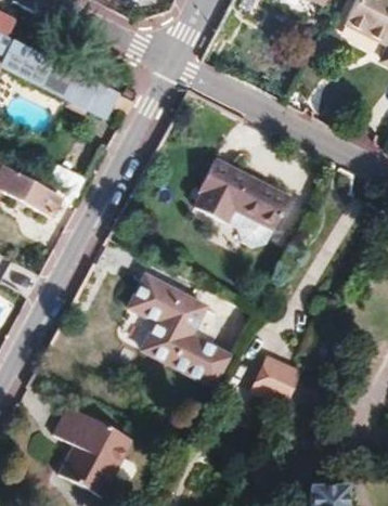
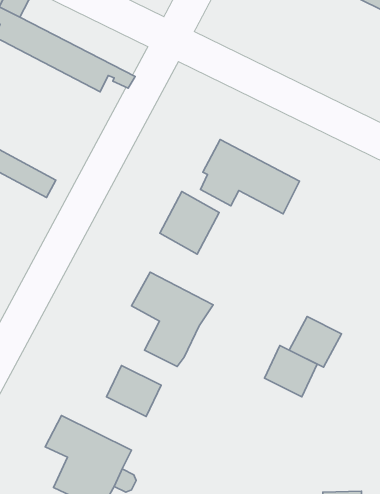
building: none -> [160,192,219,254]
building: none -> [289,317,341,367]
building: [178,332,229,379] -> [106,365,161,417]

